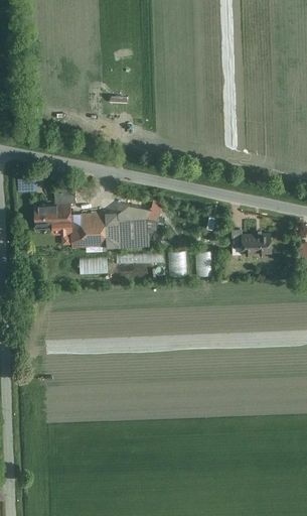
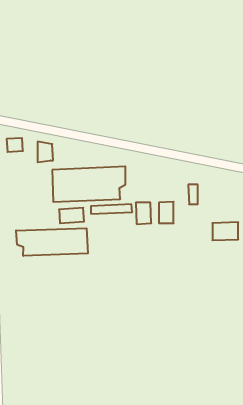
building: [35,205,71,234] -> none
building: [242,232,272,253] -> [212,222,238,240]
building: none -> [16,228,88,256]

